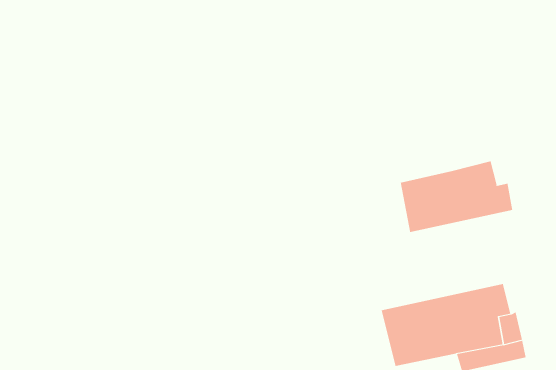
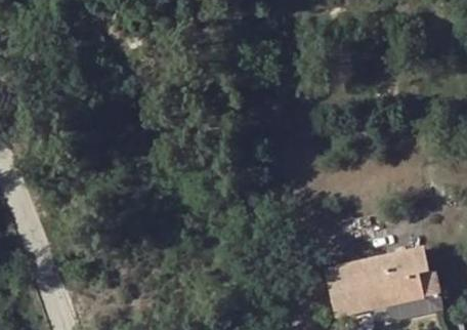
building: [400,161,513,233] -> none

